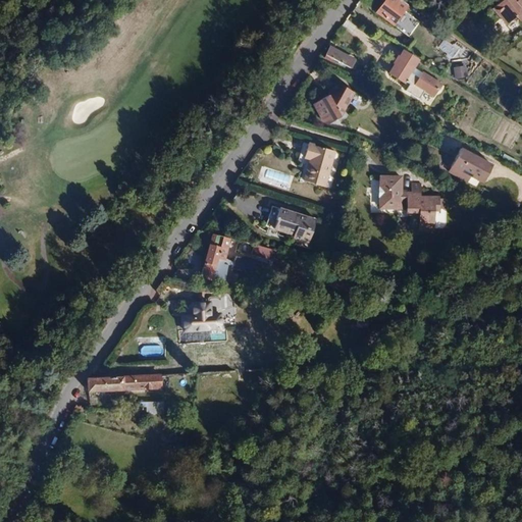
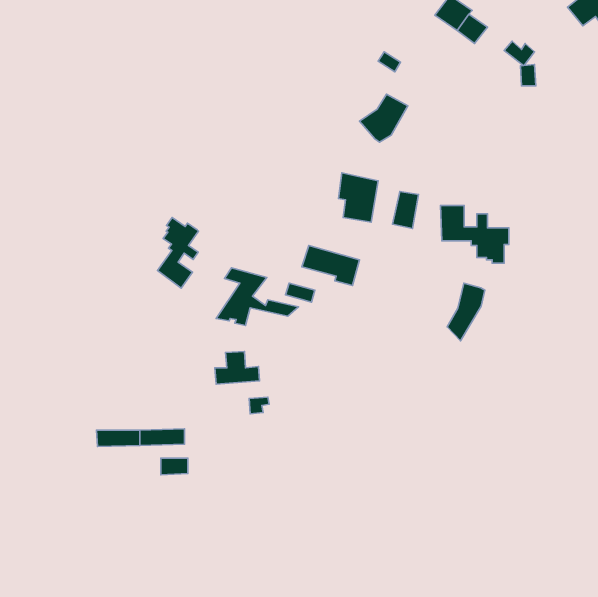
building: [390,50,442,100] -> none
building: [446,143,494,180] -> none
building: none -> [393,191,418,228]
building: none -> [158,217,199,288]
building: none -> [447,283,485,341]

